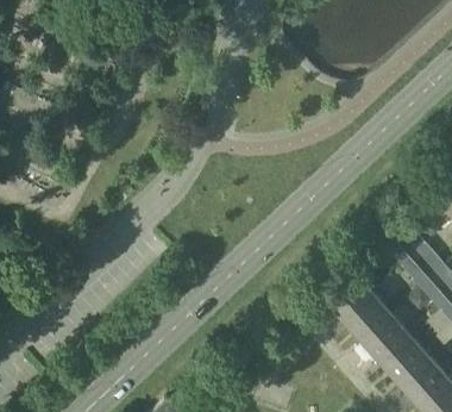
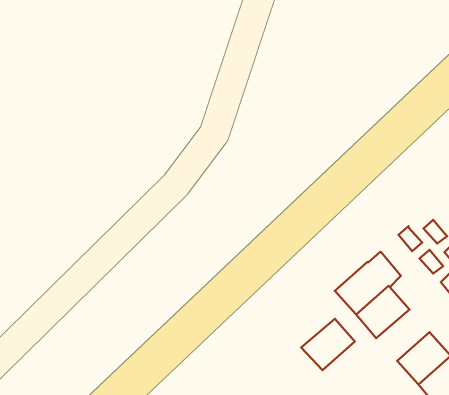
building: [363,319,414,368] -> [301,319,355,370]

